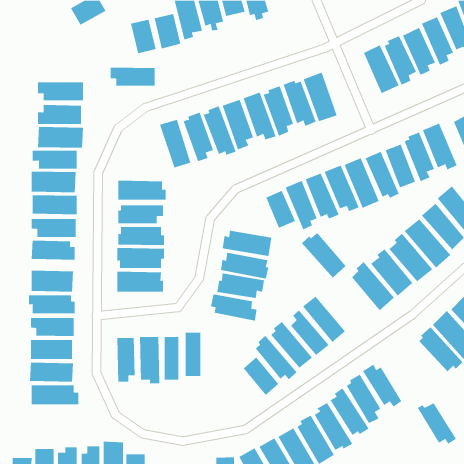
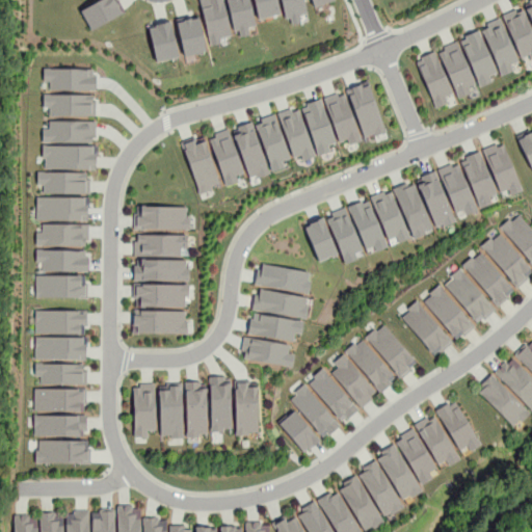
building: [110,67,155,86] -> [45,69,97,90]
building: [301,232,347,279] -> [366,325,418,378]
building: none -> [236,380,259,436]
building: [417,403,457,444] -> [435,403,481,451]

